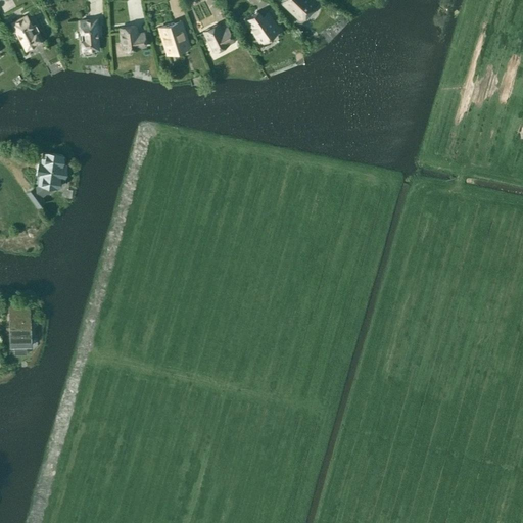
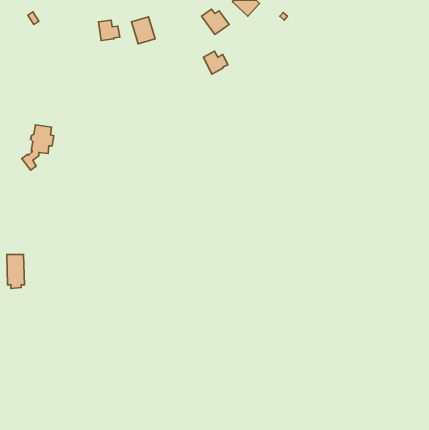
building: [13,16,42,50] -> none
building: [81,20,99,51] -> none
building: [205,25,235,52] -> [204,51,228,74]

